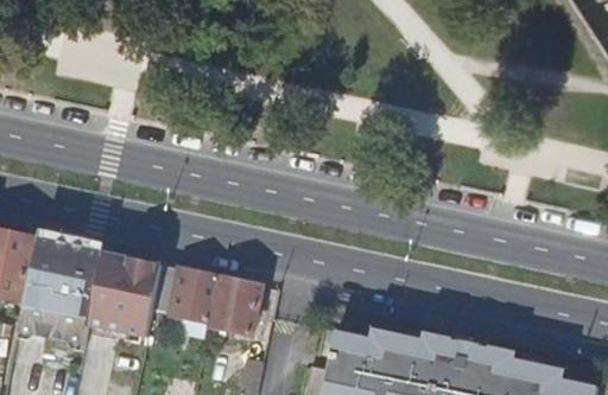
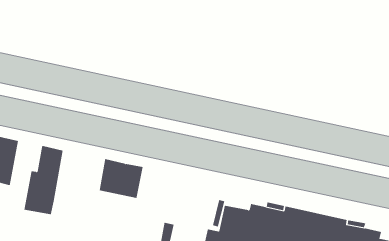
building: [17,236,70,337] -> none
building: [89,250,162,336] -> none
building: [208,274,262,333] -> none

